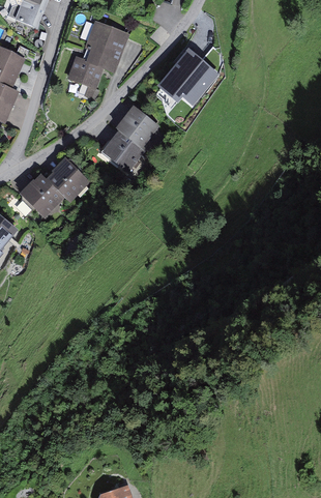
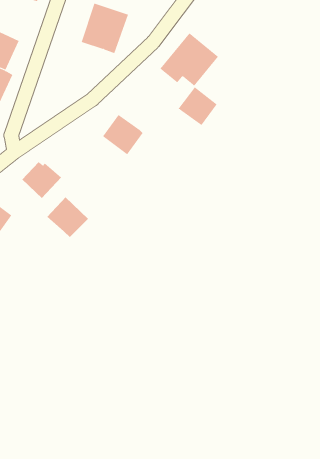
building: [67,59,104,99] -> none
building: [116,109,155,147] -> [177,86,218,126]
building: [47,159,88,200] -> [46,197,89,238]

